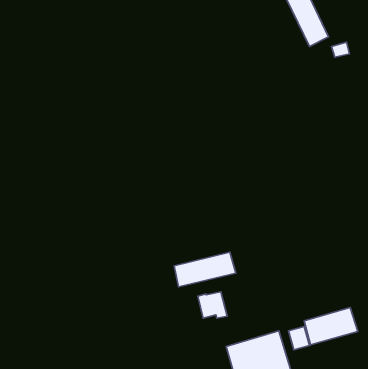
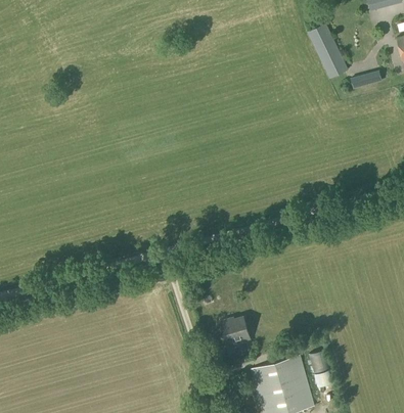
building: [174,252,236,287] -> none
building: [304,308,358,345] -> none

